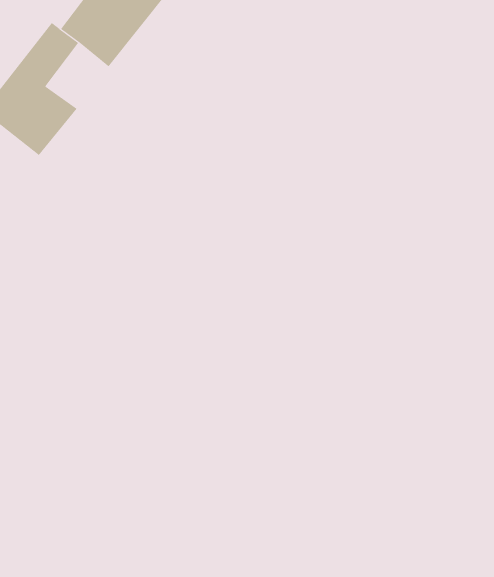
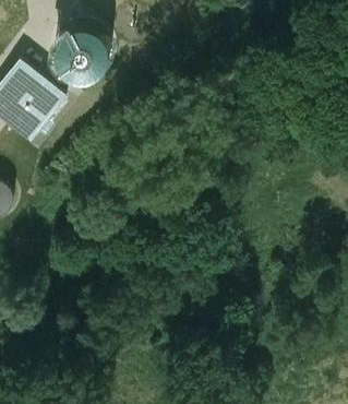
building: none -> [38,63,77,105]

